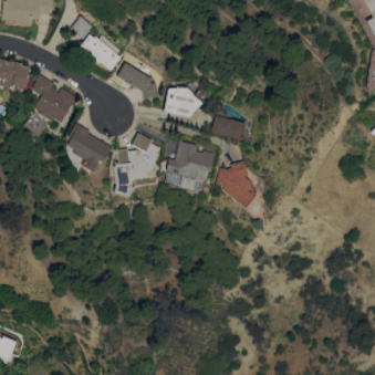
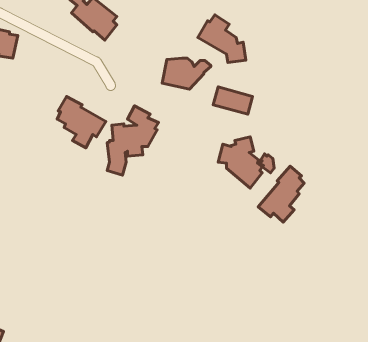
building: [115,56,159,101] -> [198,15,246,63]
building: [30,74,77,123] -> none
building: [164,142,215,191] -> none
building: none -> [258,166,304,222]

